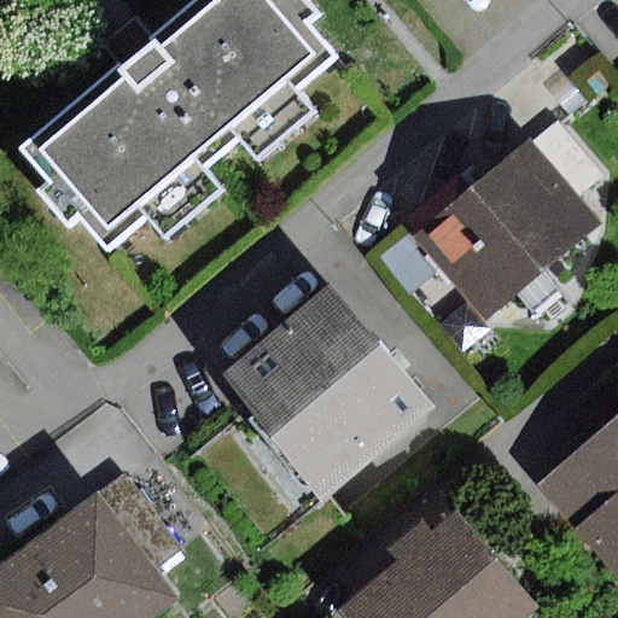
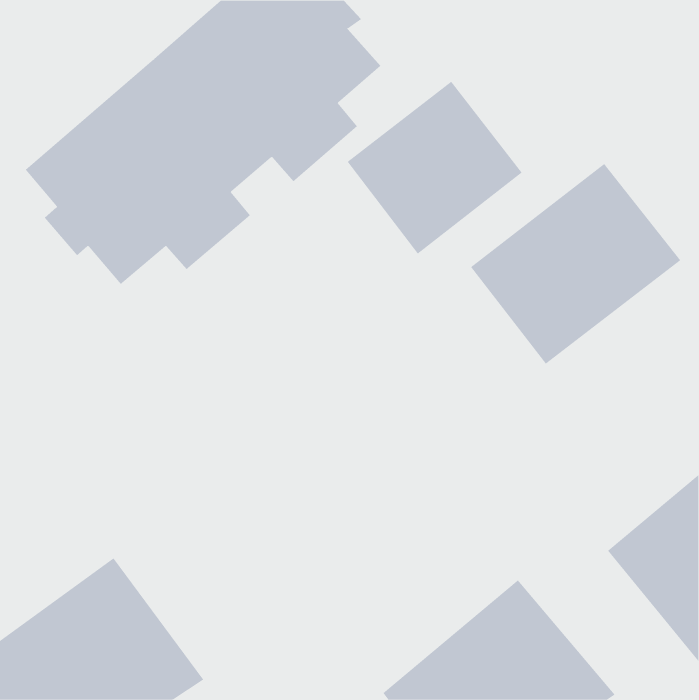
building: none -> [347,81,522,255]
building: [220,285,433,500] -> none

